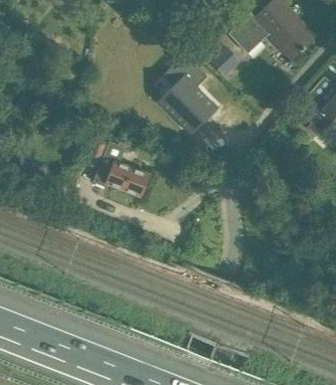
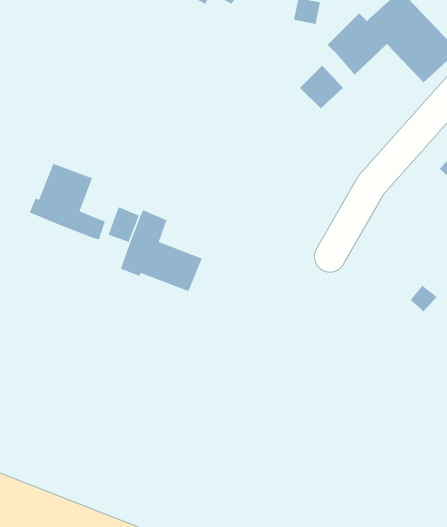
building: [158,53,218,134] -> none
building: none -> [29,163,106,241]

